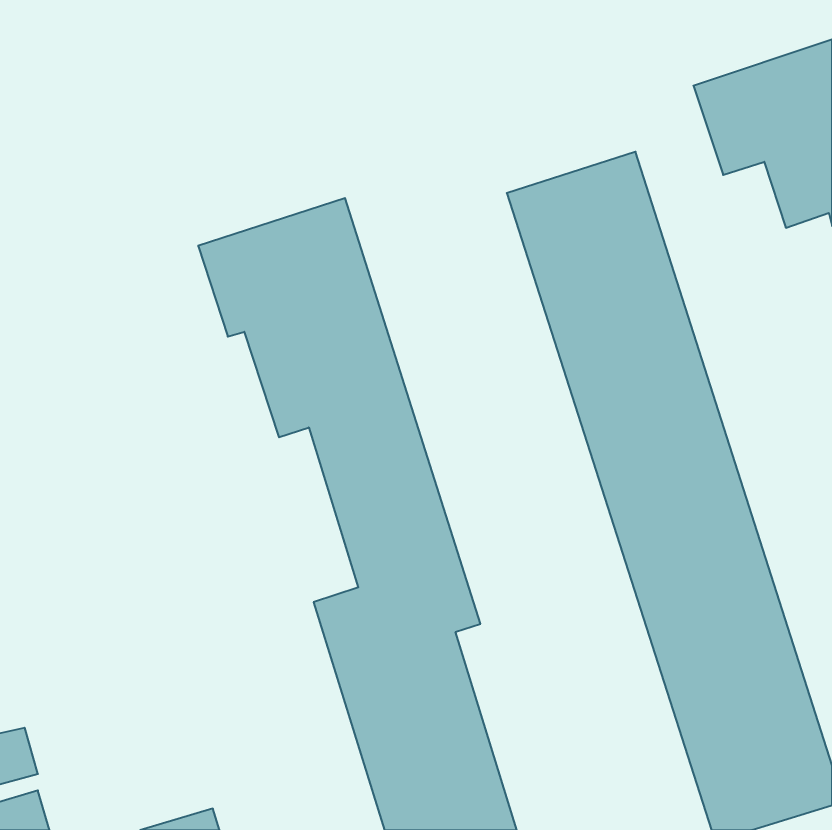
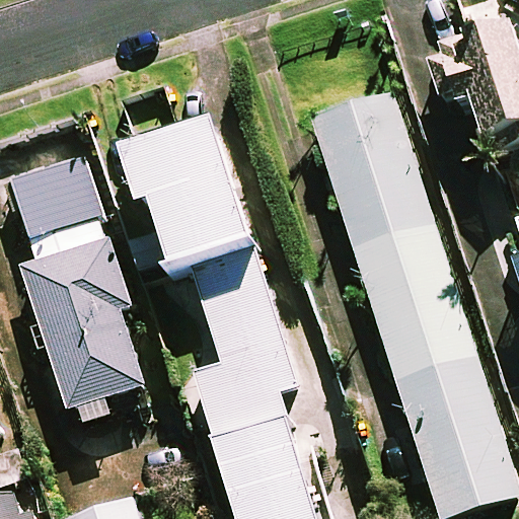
building: none -> [9,155,143,409]

